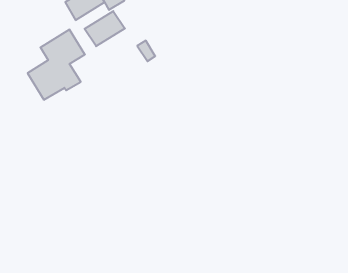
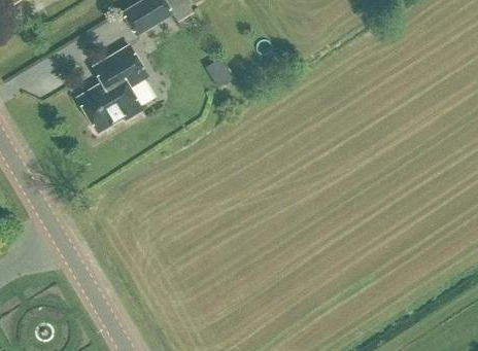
building: [85,11,125,46] -> none

